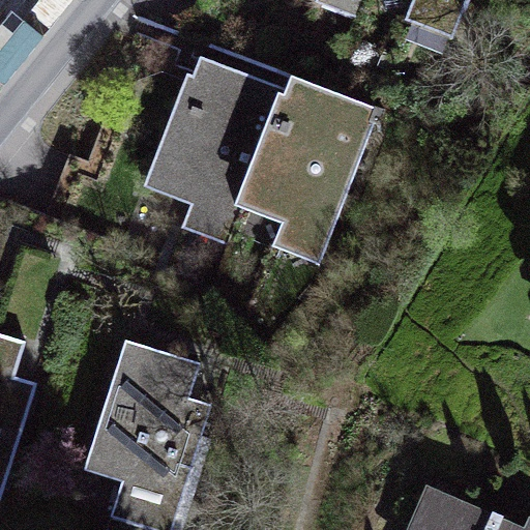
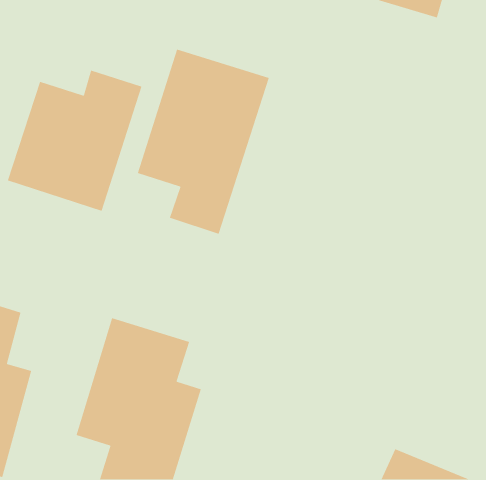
building: none -> [7,70,143,212]
building: [234,83,379,278] -> none

